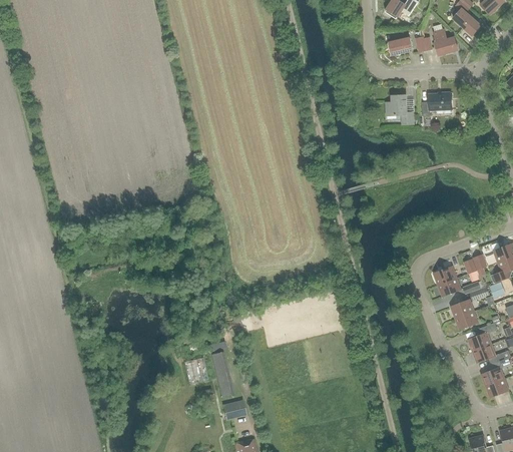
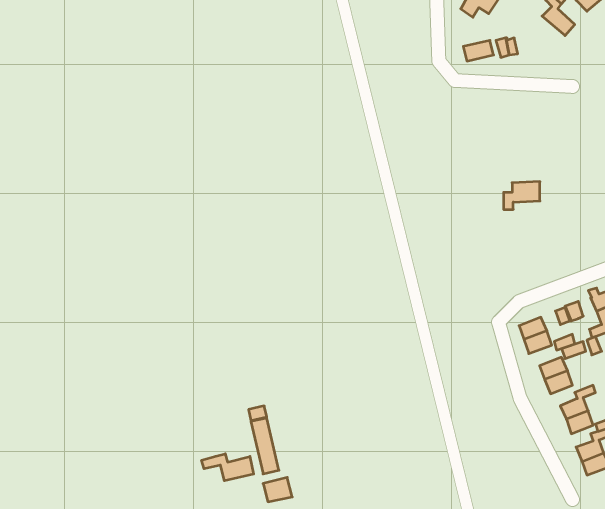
building: [433,27,458,54] -> none
building: [422,92,452,115] -> [504,182,540,209]
building: [386,93,414,123] -> none
building: none -> [202,454,254,481]

